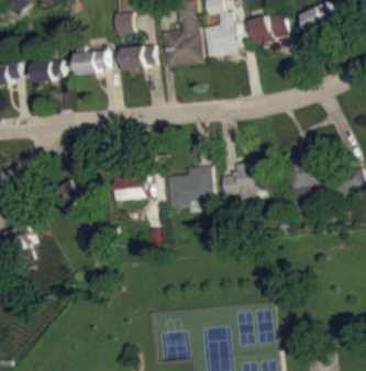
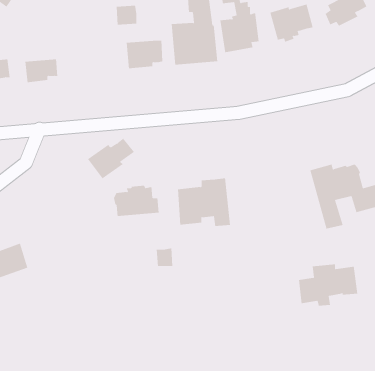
building: [75,50,108,75] -> none
building: [222,161,275,199] -> [298,264,358,306]
building: [53,173,95,210] -> [87,138,135,179]

